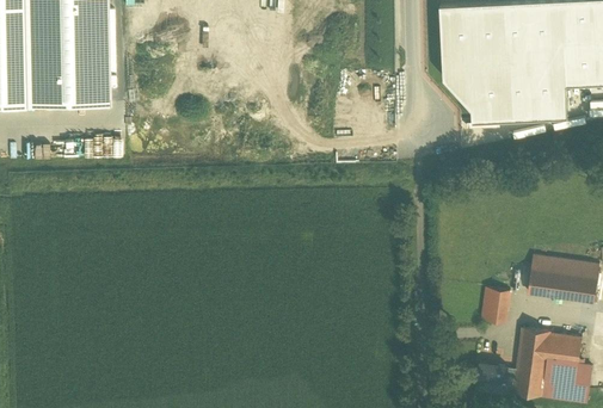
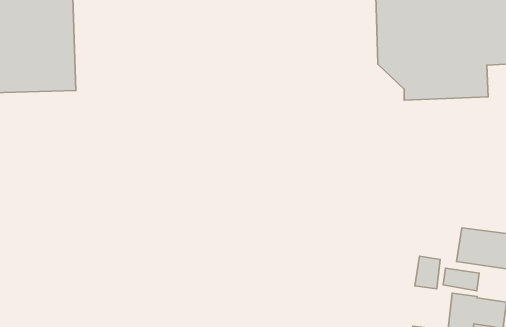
building: none -> [443,268,479,291]

